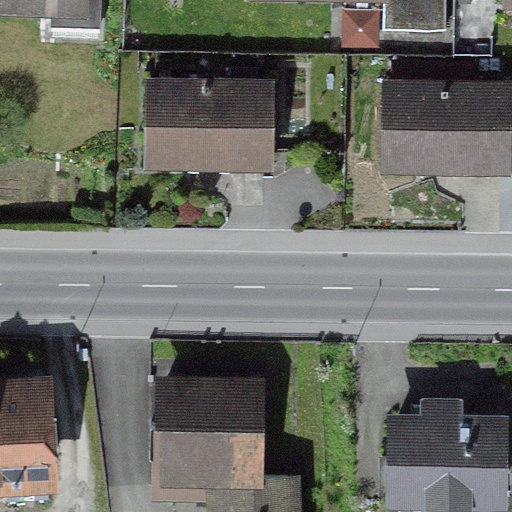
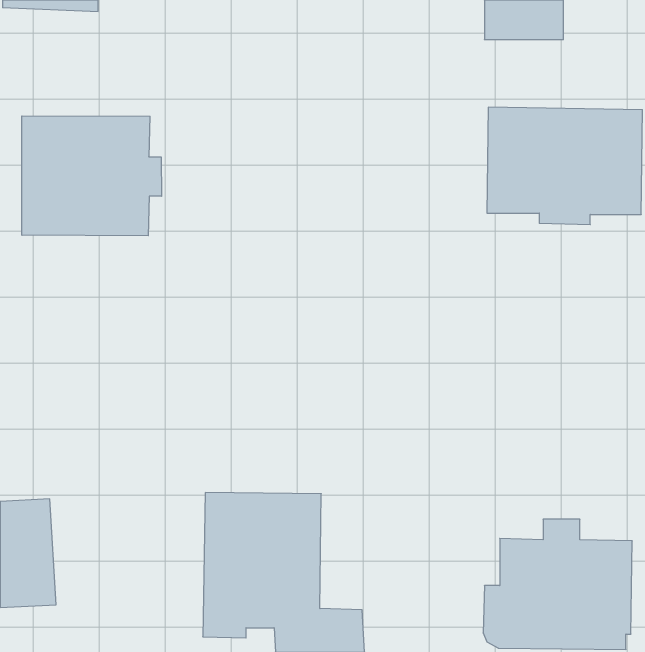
building: [151,84,271,173] -> none
building: none -> [22,116,162,236]

